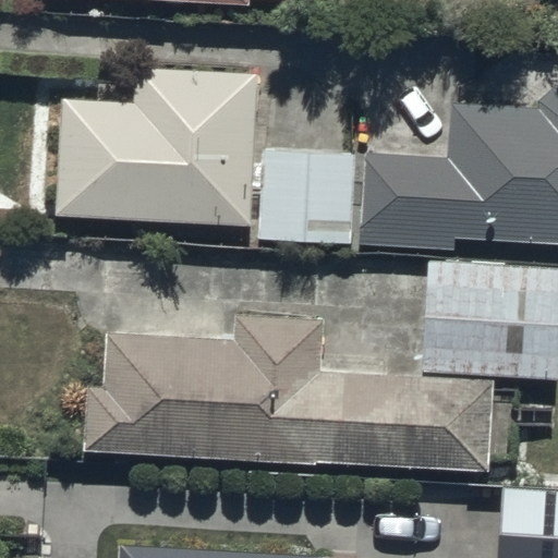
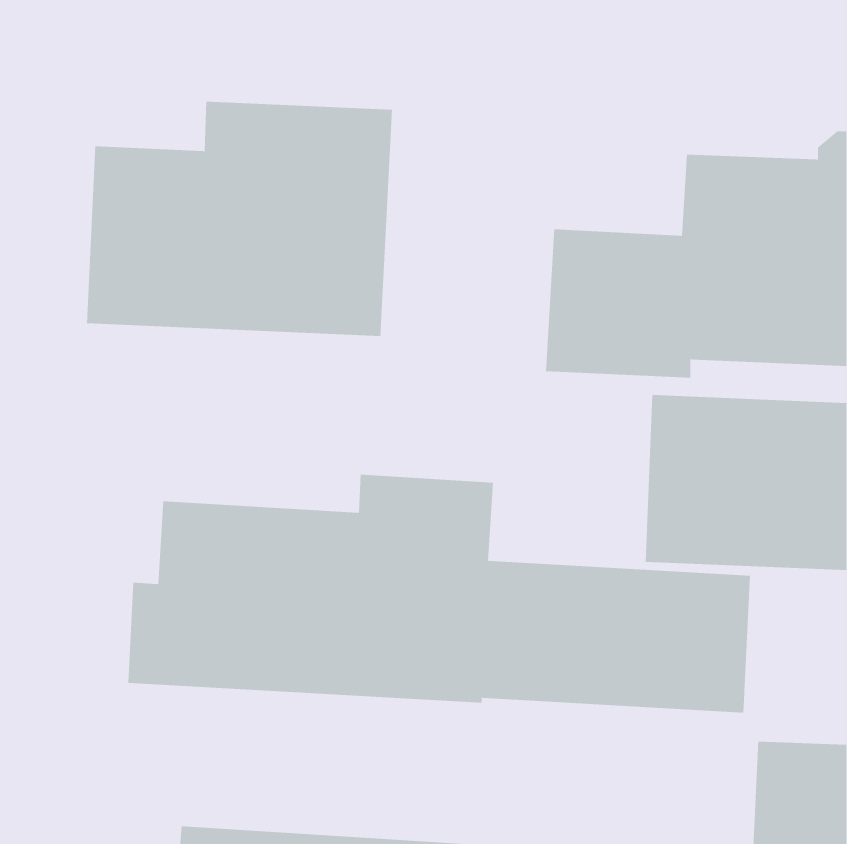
building: [258,149,355,243] -> none

